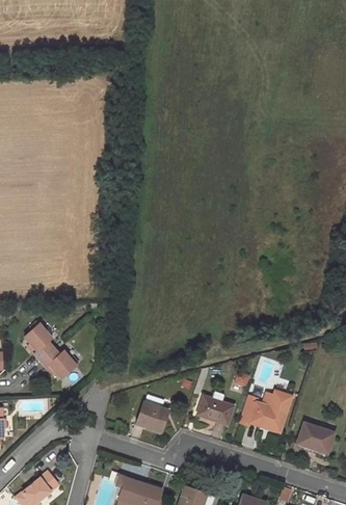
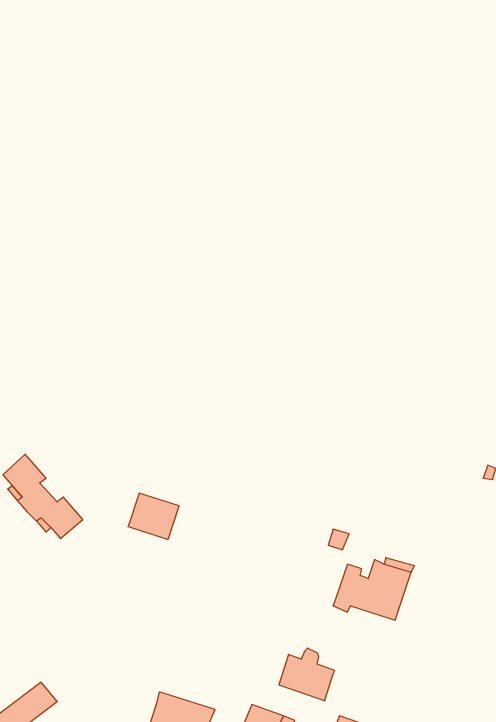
building: [197,391,234,425] -> [279,648,335,701]
building: [136,402,169,432] -> [128,493,179,539]
building: [298,423,334,453] -> none

